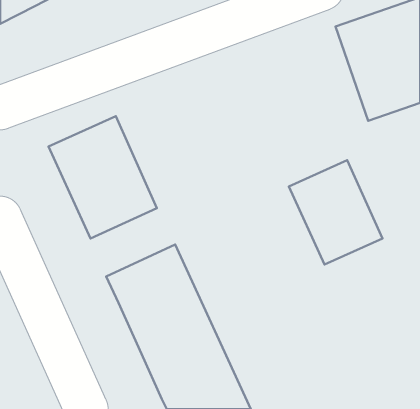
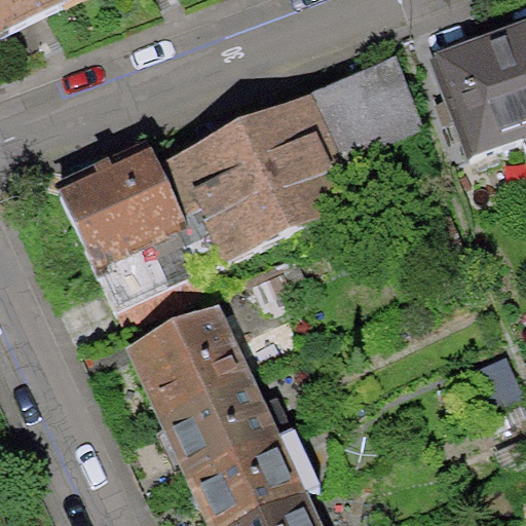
building: none -> [179,63,420,258]
building: [289,160,382,265] -> none

